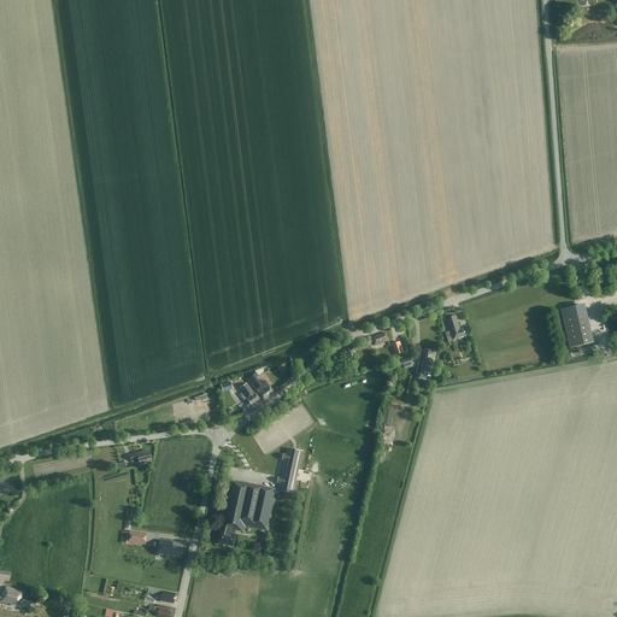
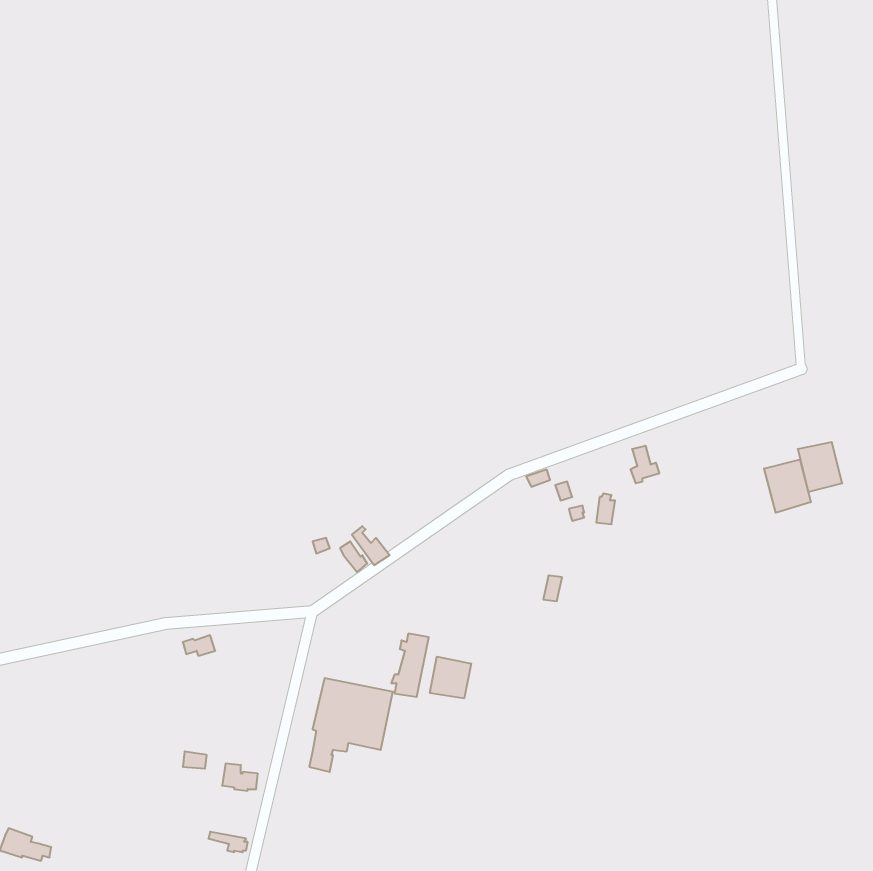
building: none -> [764,459,811,513]
building: none -> [430,657,471,698]

